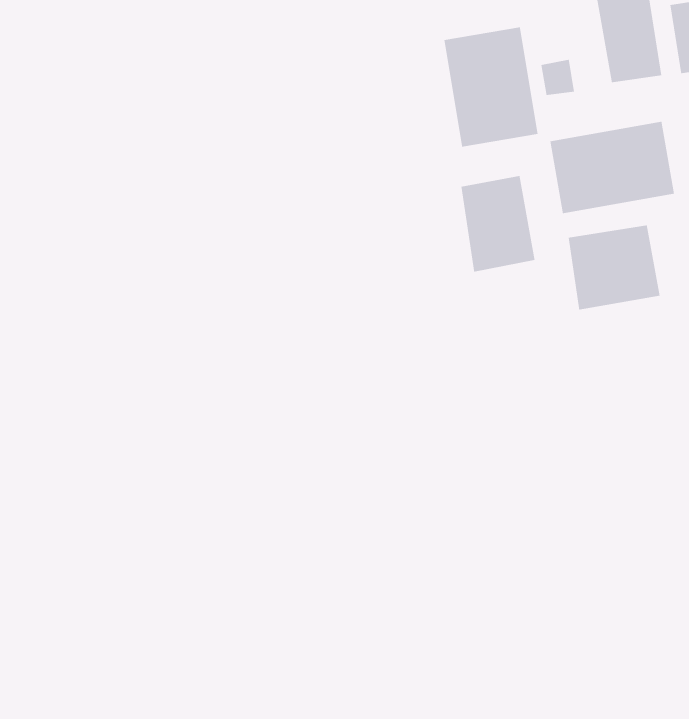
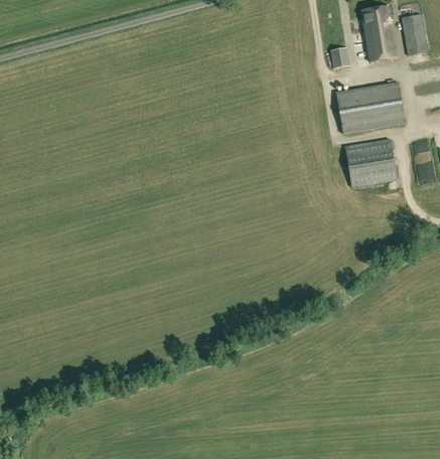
building: [444,26,538,148] -> none
building: [461,175,535,272] -> none

